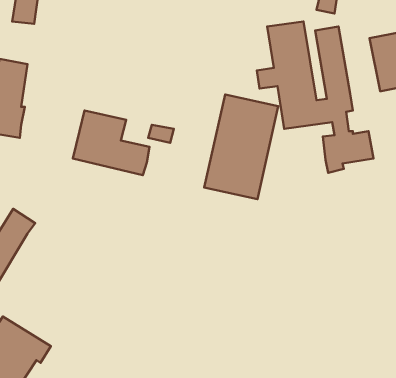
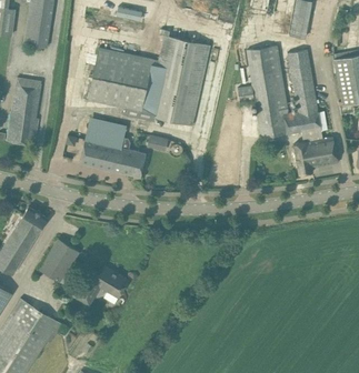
building: none -> [88,47,153,111]
building: [204,94,278,199] -> [147,36,210,125]
building: none -> [40,240,79,282]
building: none -> [77,266,128,304]

